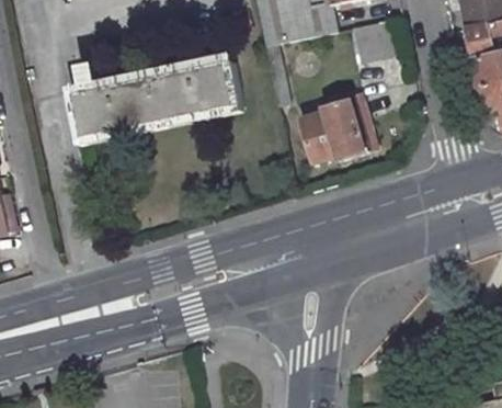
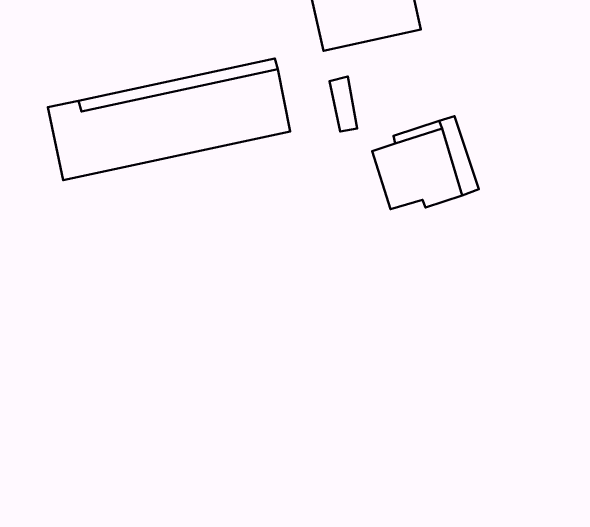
building: [354,21,395,61] -> none

